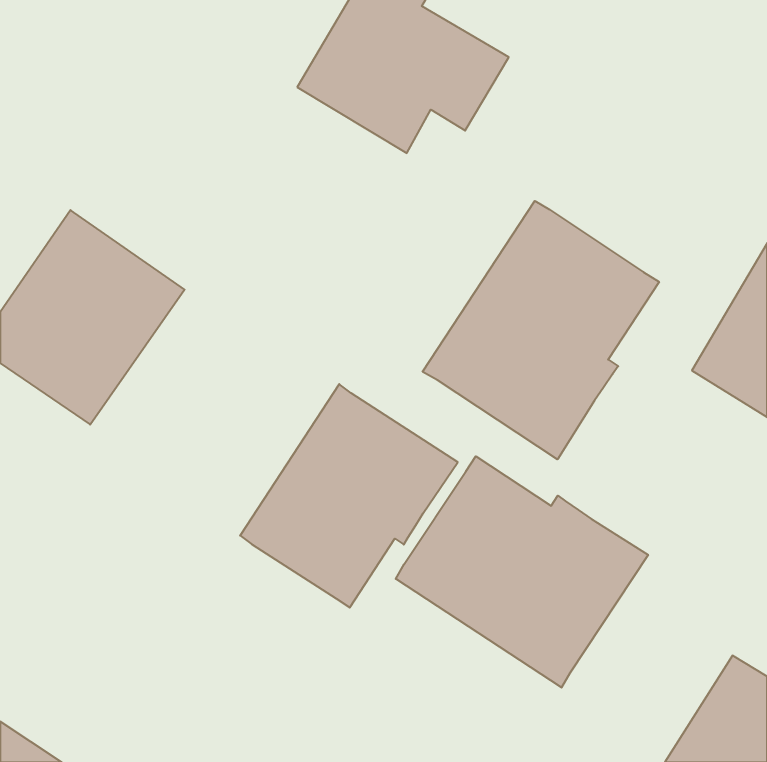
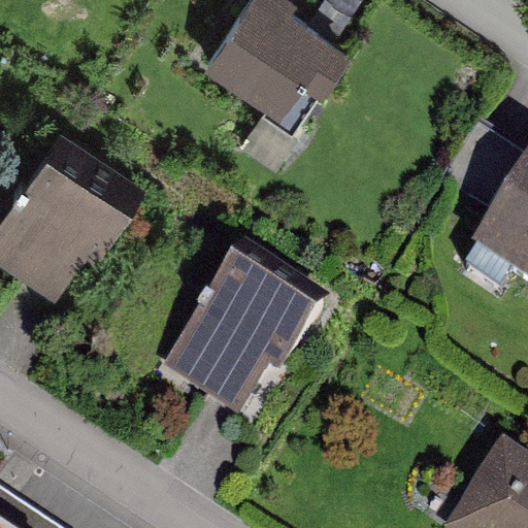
building: [423,201,659,459] -> none
building: [396,456,648,688] -> none

